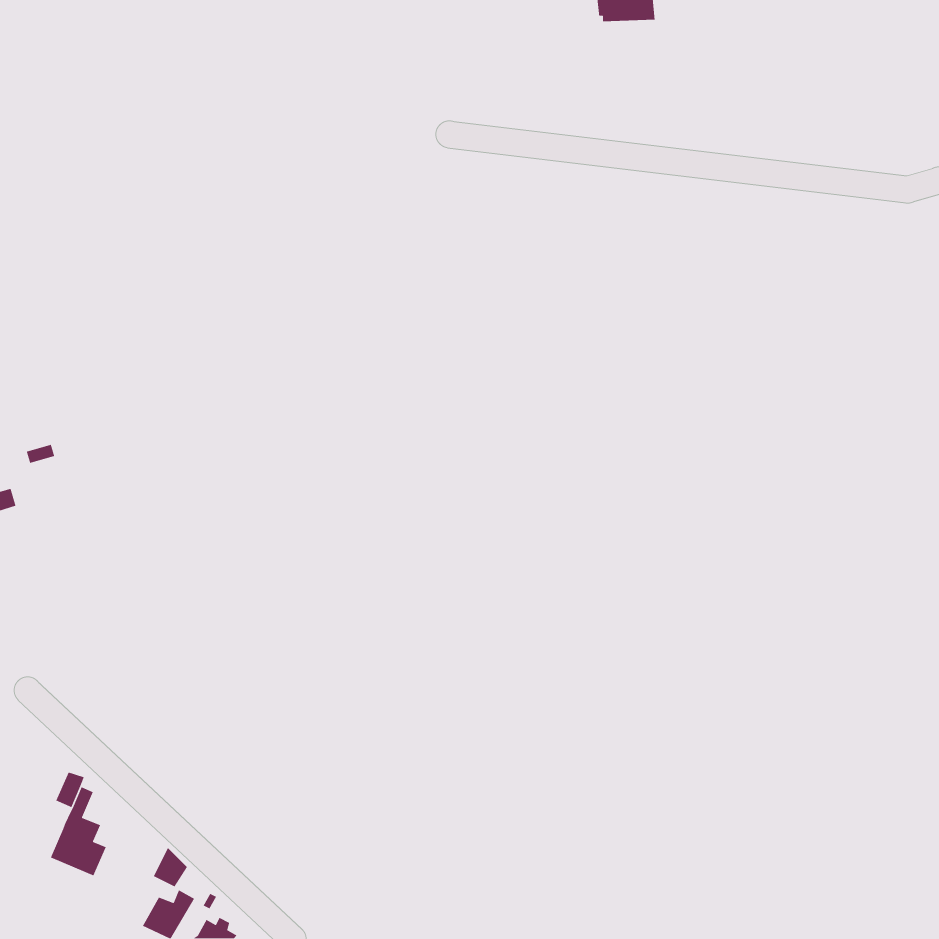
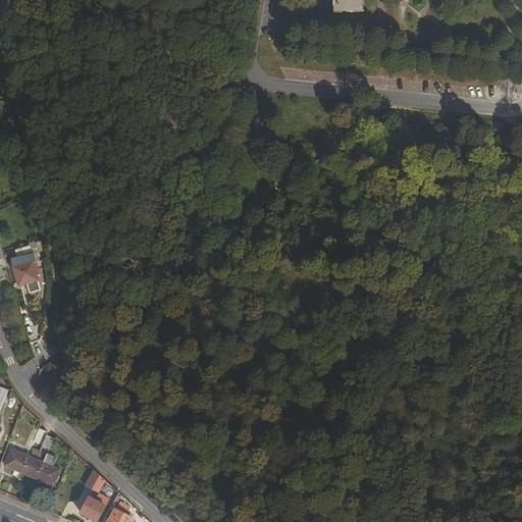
building: none -> [13,265,40,292]
building: none -> [4,449,35,475]

